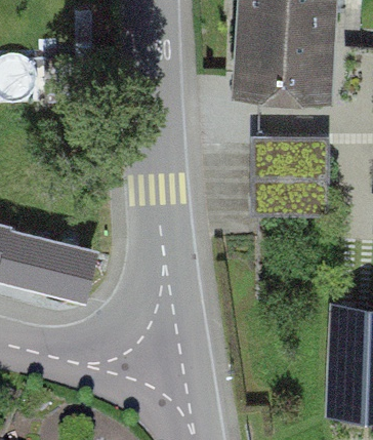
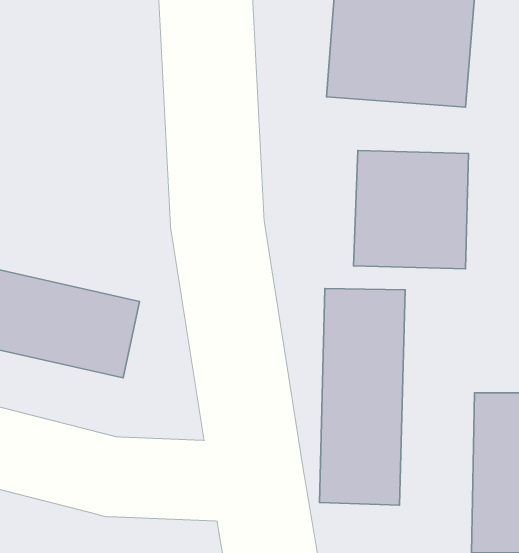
building: none -> [319,288,405,505]

